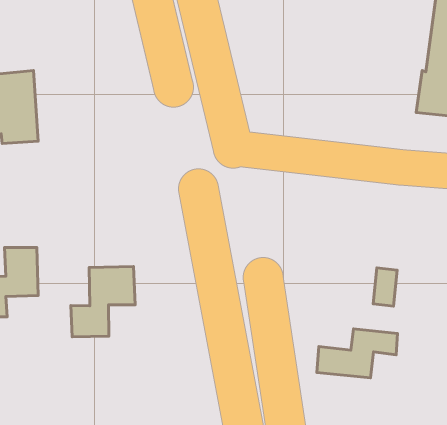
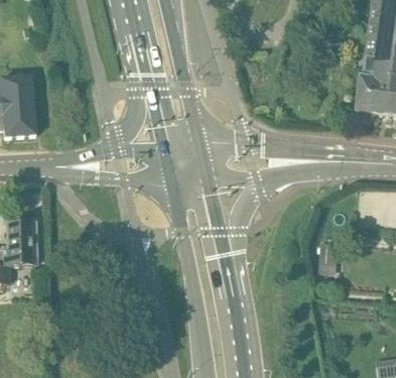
building: [71,266,135,337] -> none
building: [317,329,398,378] -> none

